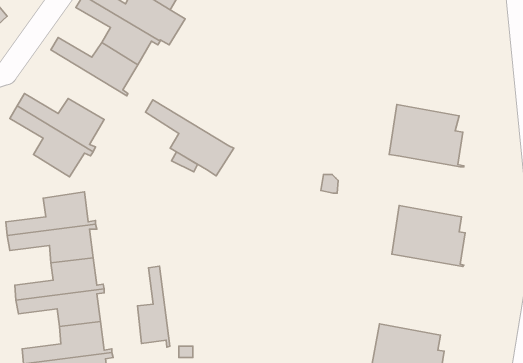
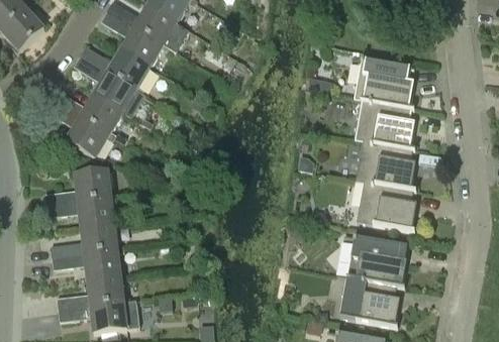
building: none -> [354,58,414,109]
building: [145,100,234,176] -> [74,54,145,116]
building: none -> [356,140,416,190]
building: [138,266,170,347] -> none
building: none -> [346,235,406,287]

